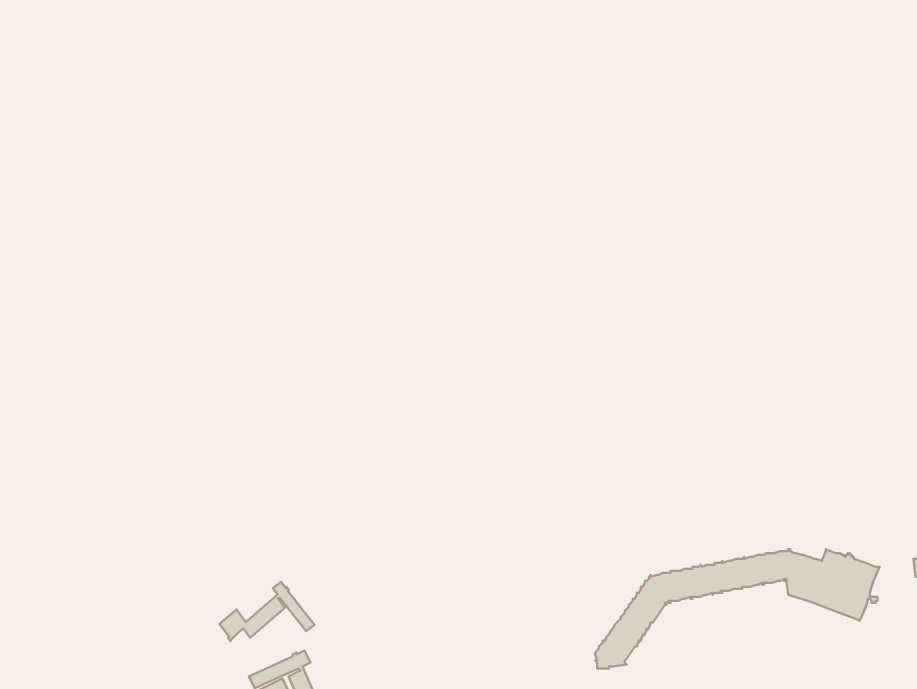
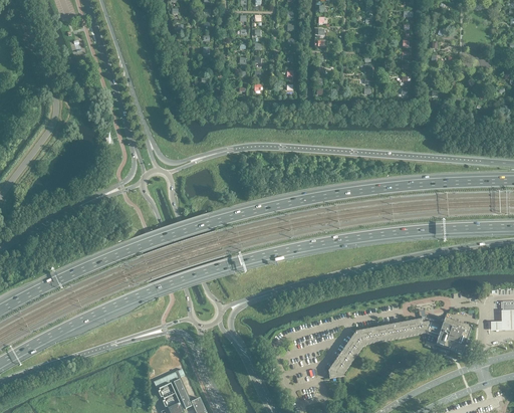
building: [219,582,314,641] -> none

